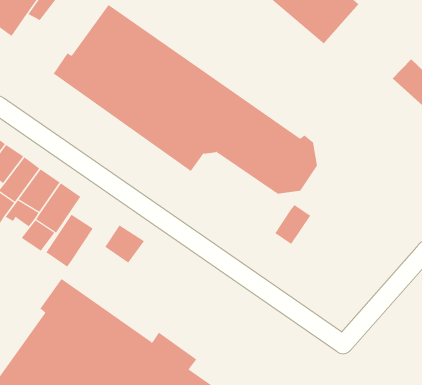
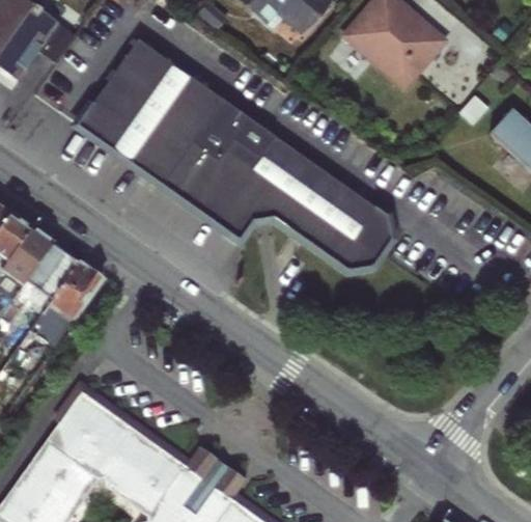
building: [275,204,311,245] -> none
building: [46,214,93,267] -> none
building: [105,225,145,263] -> none

